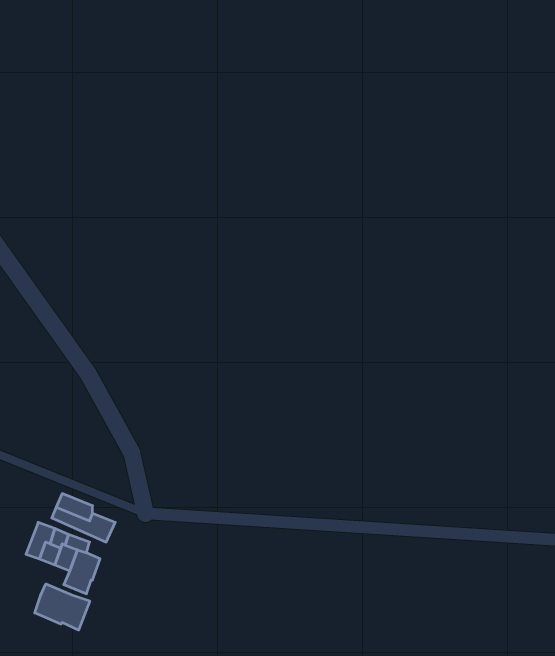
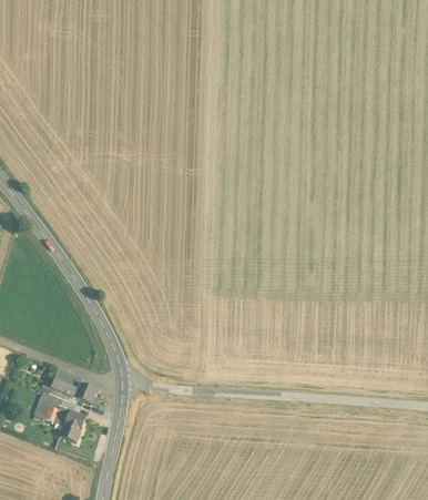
building: [35,584,90,630] -> none

